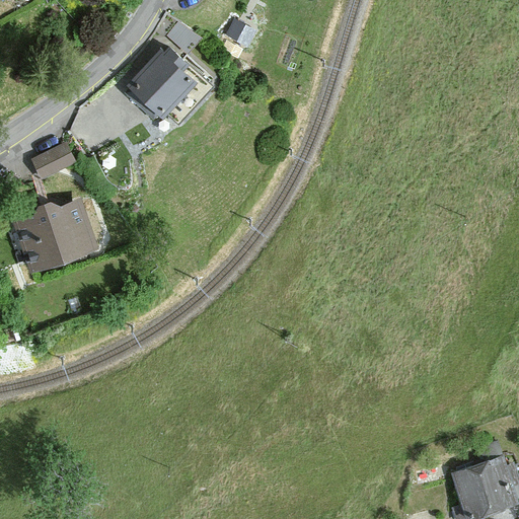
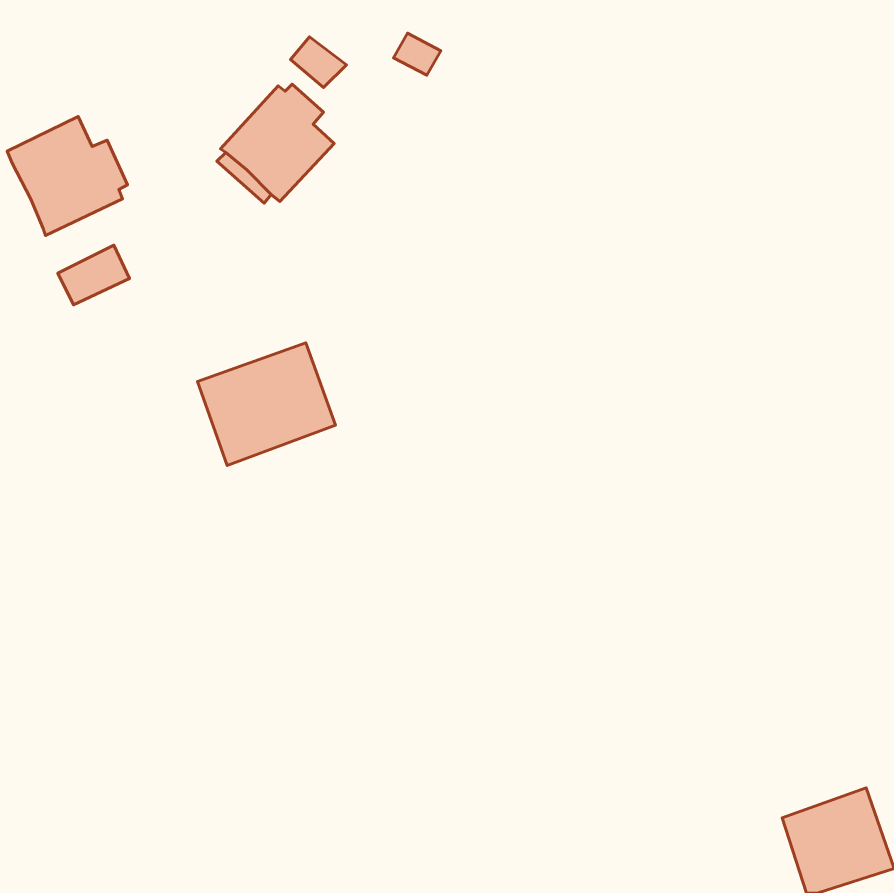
building: none -> [7,116,127,235]
building: [18,200,98,271] -> [197,343,336,465]

